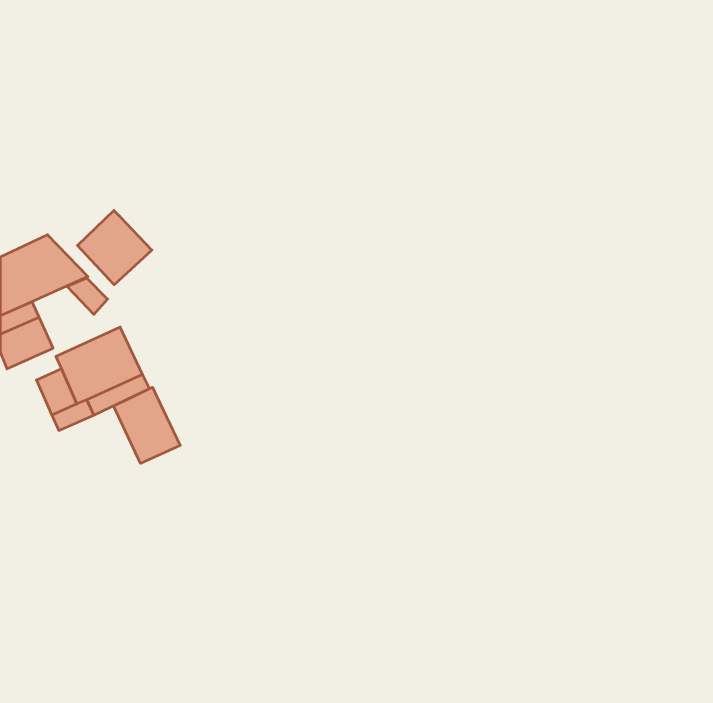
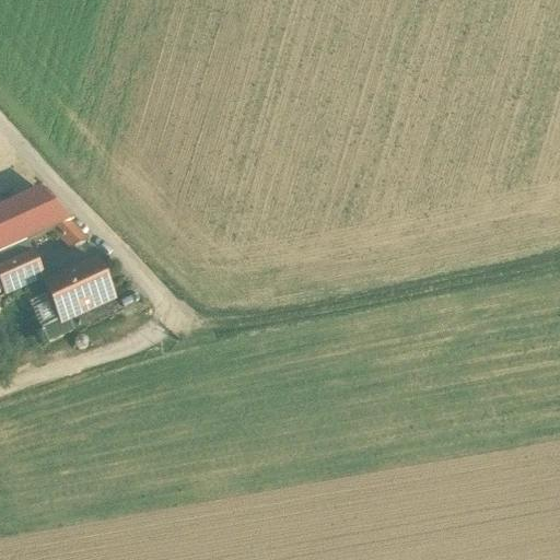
building: [77,210,152,285] -> none
building: [114,387,180,463] -> none

